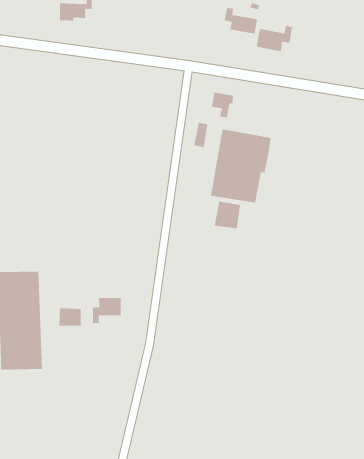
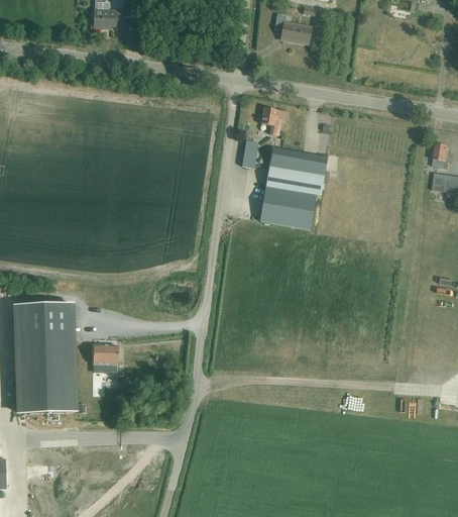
building: [256,25,293,52] -> none
building: [214,201,240,229] -> none
building: [92,297,121,324] -> none

